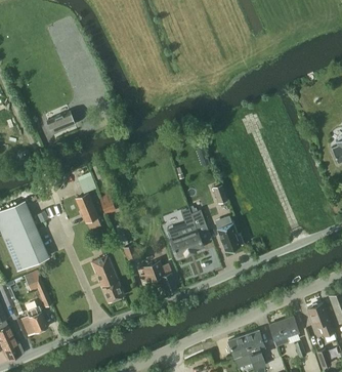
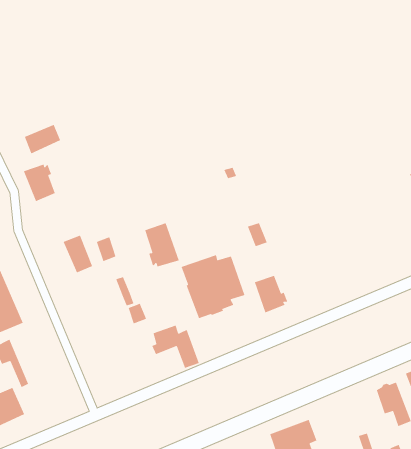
building: none -> [23,163,56,202]
building: none -> [144,222,180,268]
building: [93,256,125,302] -> none
building: [270,316,300,343] -> none

